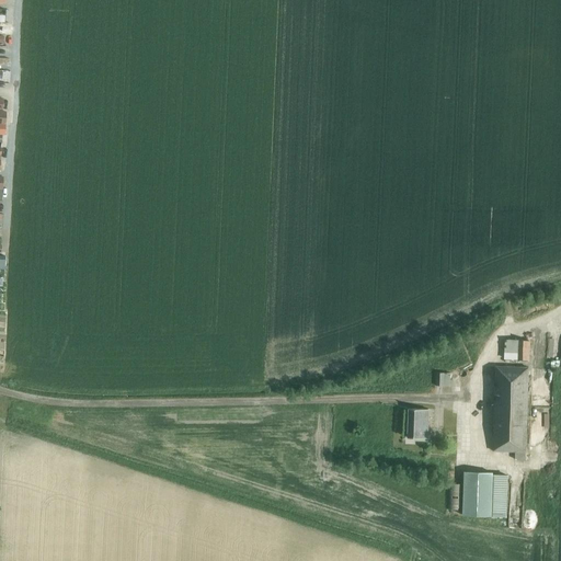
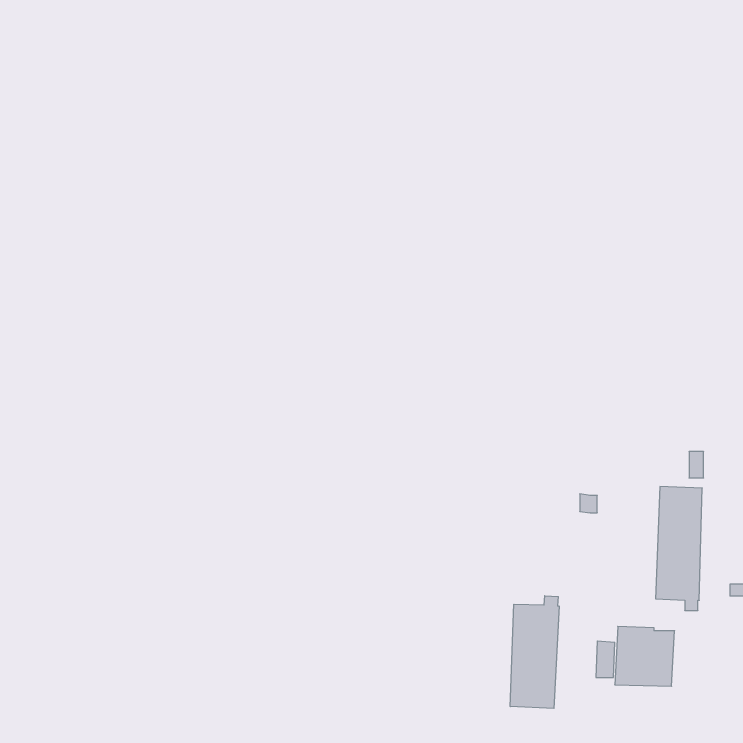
building: [409,408,430,442] -> none
building: none -> [510,596,559,708]

